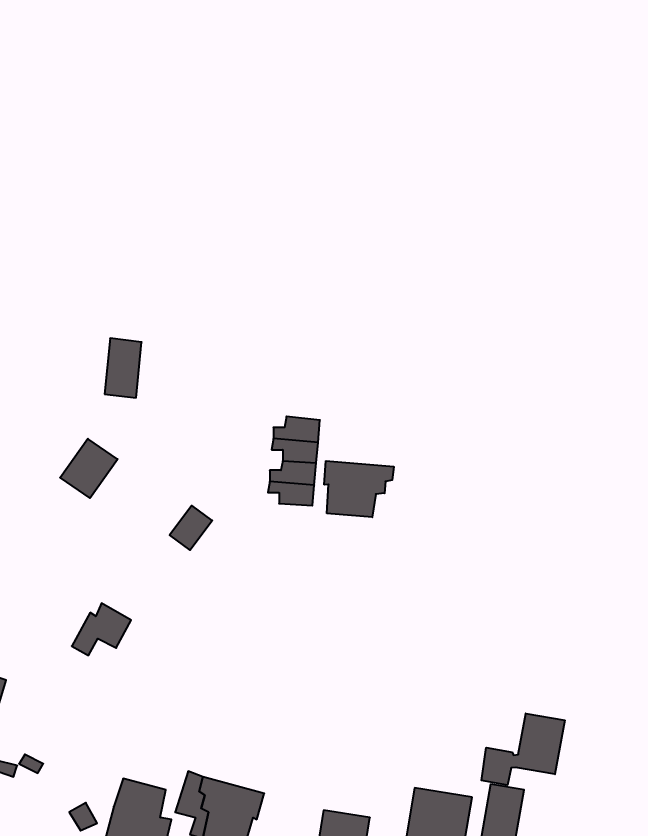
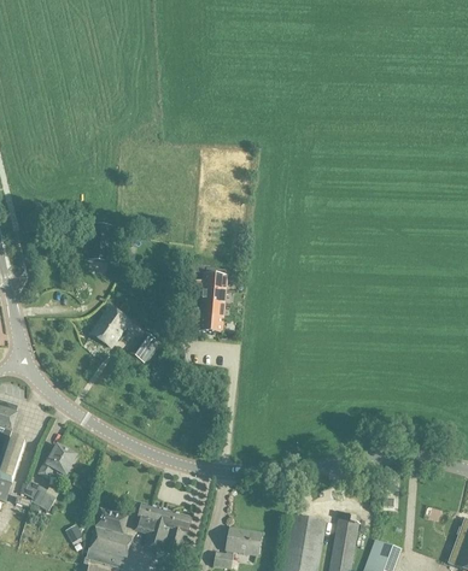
building: [60,439,118,498] -> [92,307,129,346]
building: [324,461,394,517] -> none
building: [72,603,131,655] -> [37,445,76,478]
building: [481,713,565,785] -> none

